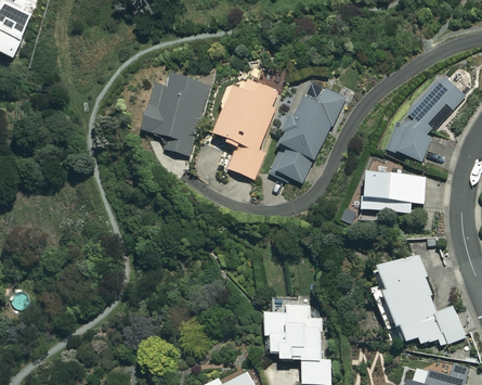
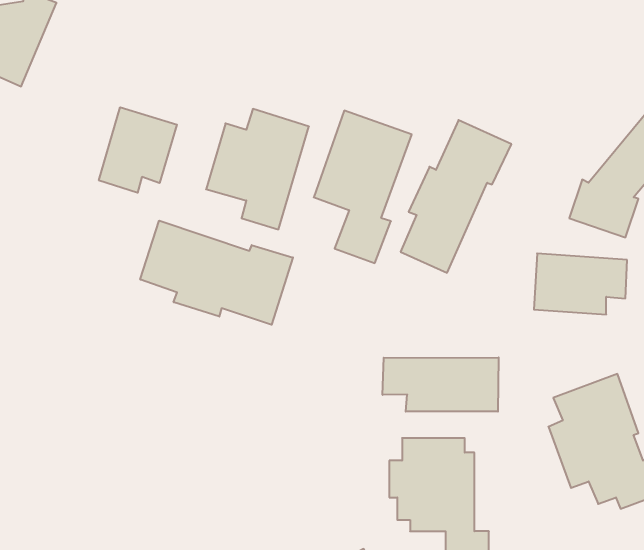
building: none -> [99,107,177,193]
building: none -> [140,221,293,325]
building: none -> [383,357,499,412]

